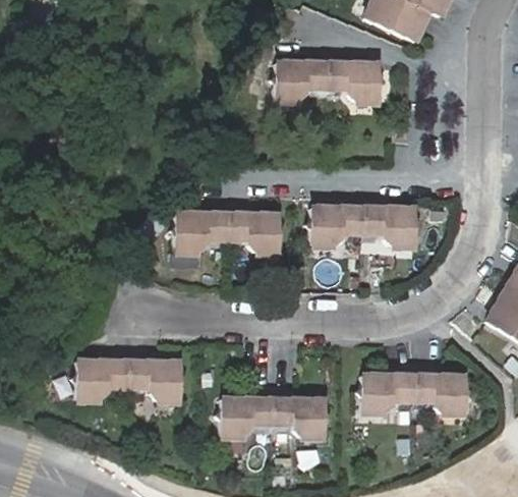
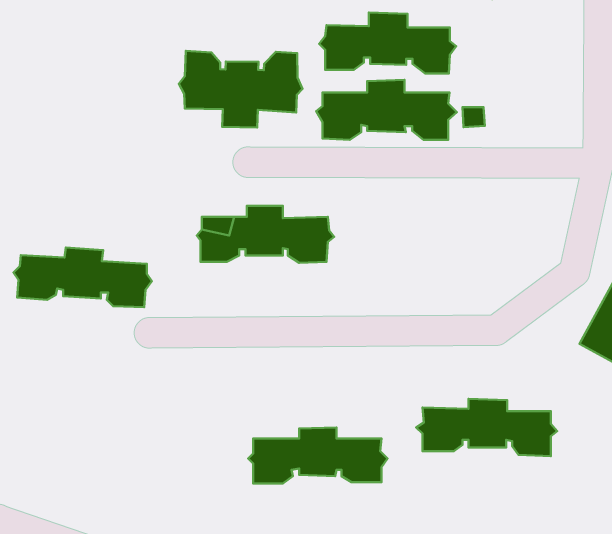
building: none -> [179,51,303,128]
building: [305,200,420,248] -> [316,80,457,140]
building: [73,352,186,401] -> [13,248,152,307]

